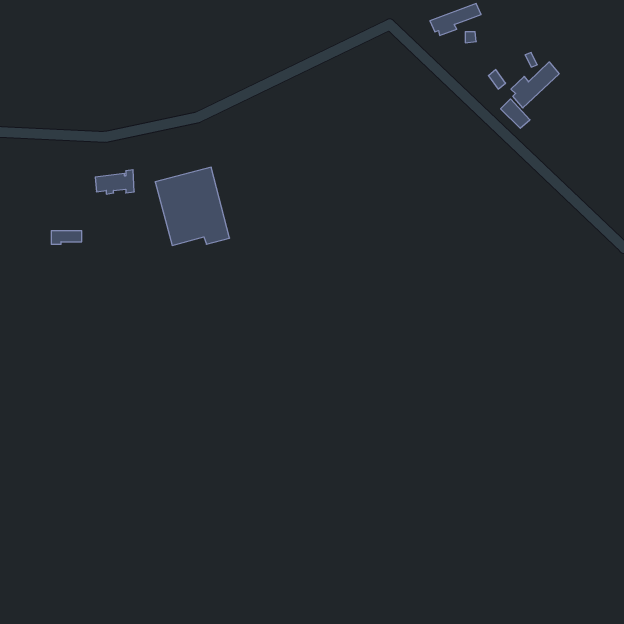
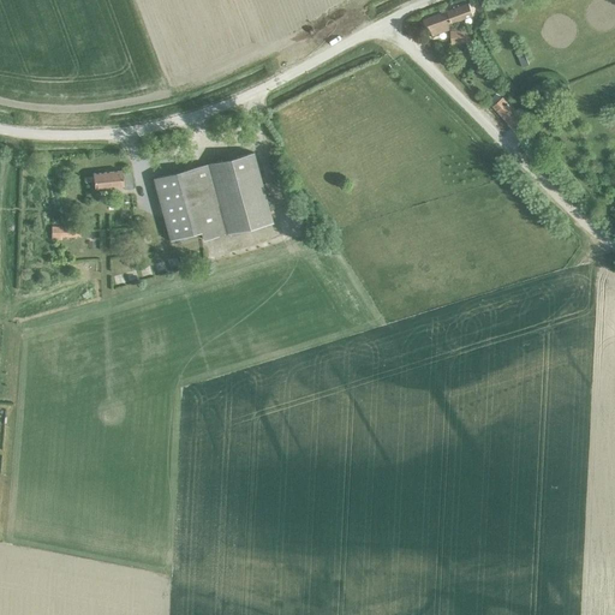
building: [511,62,559,108] -> none
building: none -> [208,153,273,234]

